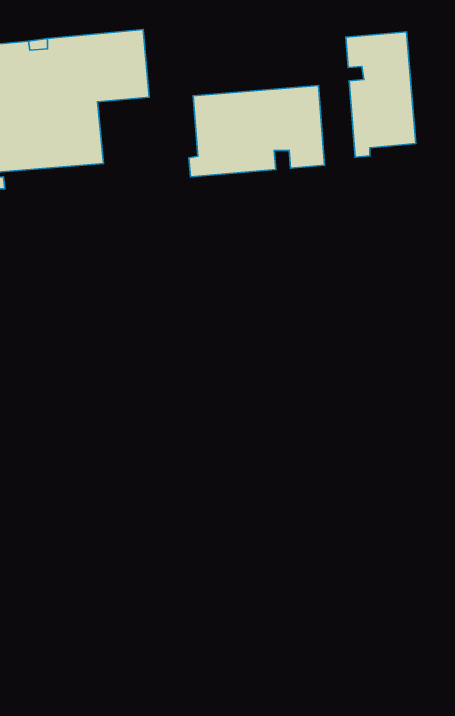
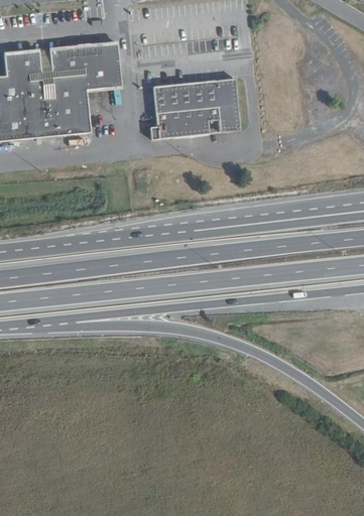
building: [346,32,416,157] -> none

